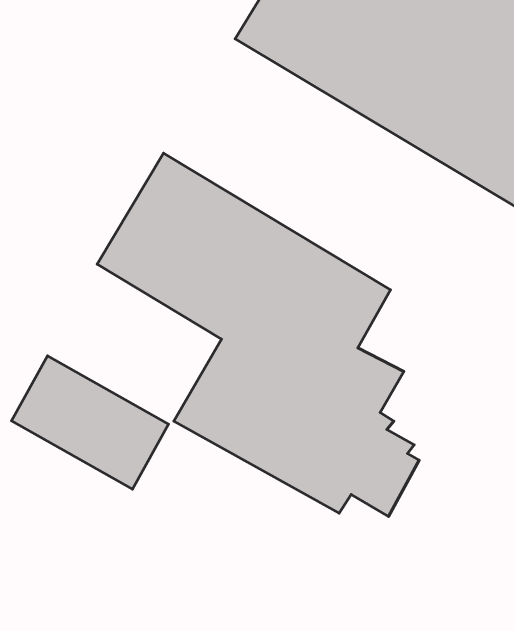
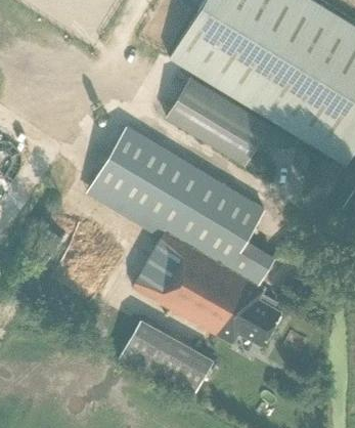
building: none -> [166,77,271,166]
building: [12,356,168,489] -> [121,318,215,398]

